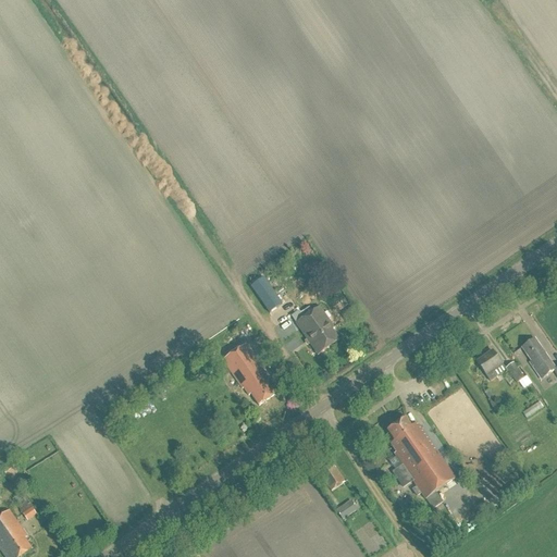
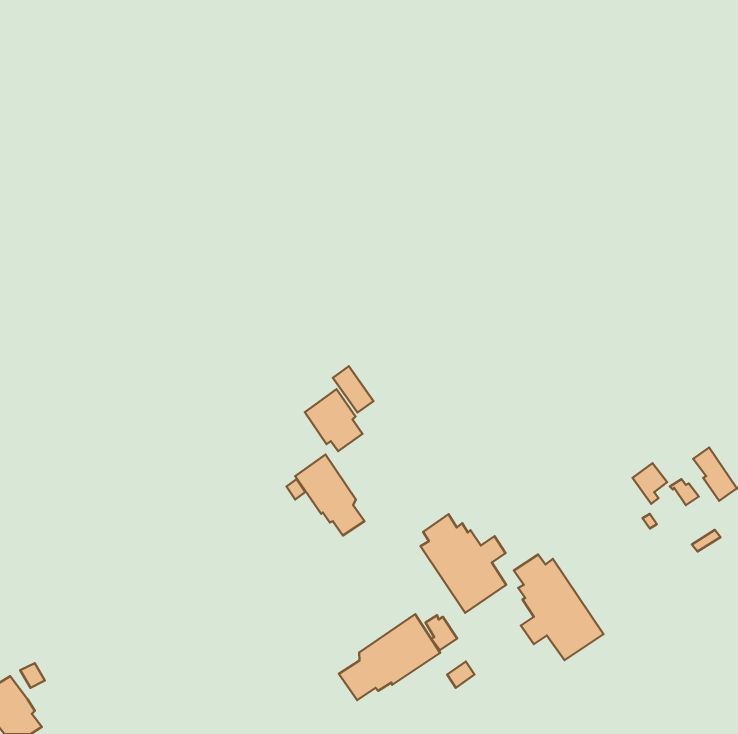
building: [295,304,338,350] -> [305,389,363,451]
building: none -> [420,514,506,613]
building: none -> [339,614,440,700]

